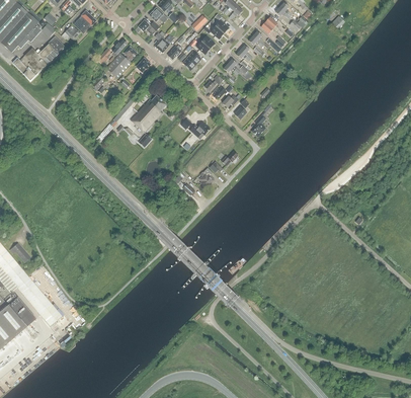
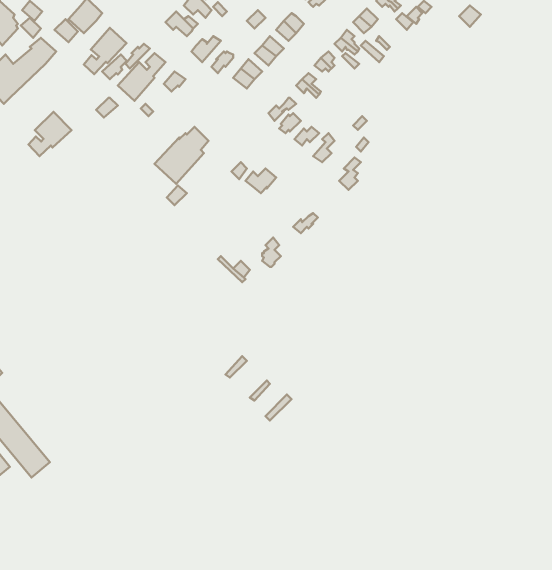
building: none -> [84,28,127,74]
building: none -> [29,112,71,156]

